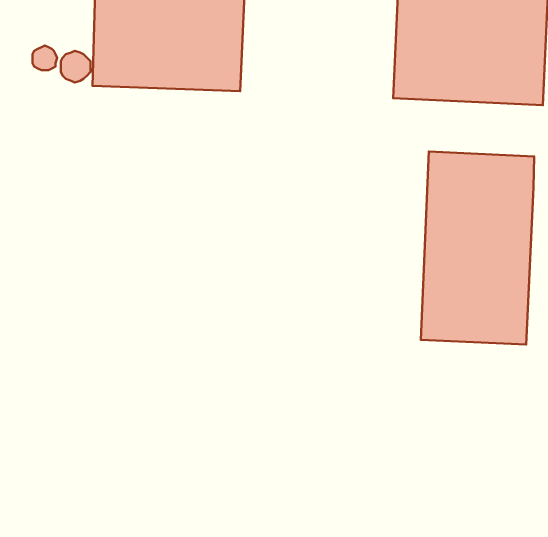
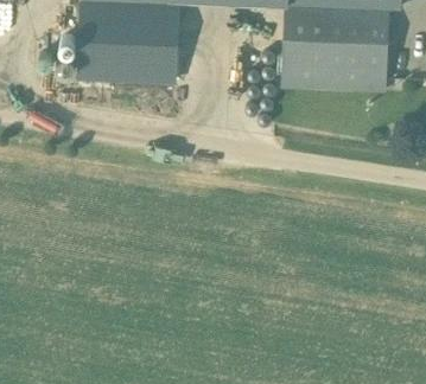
building: [421,152,534,344] -> none

